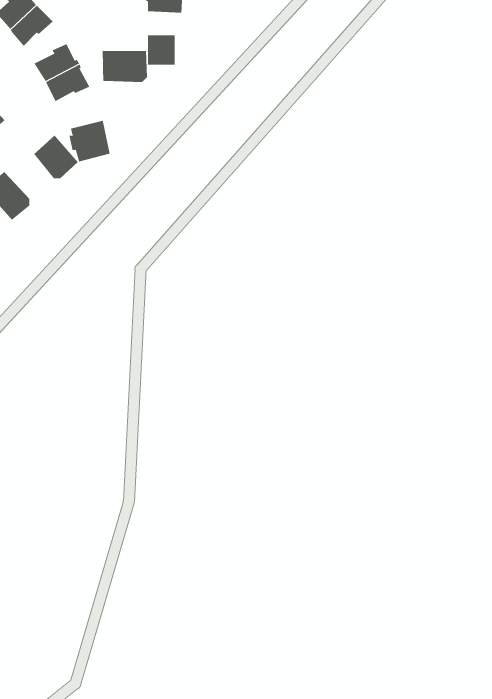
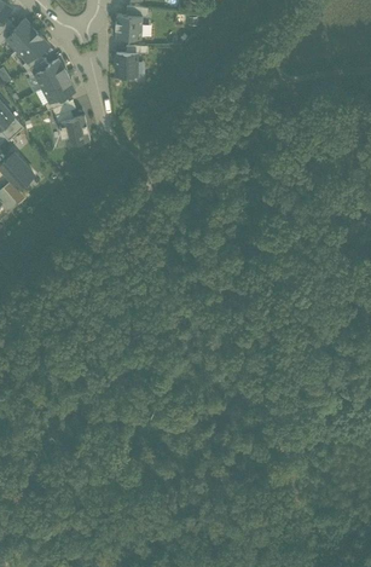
building: [102,50,148,83] -> none
building: [32,135,79,179] -> none

